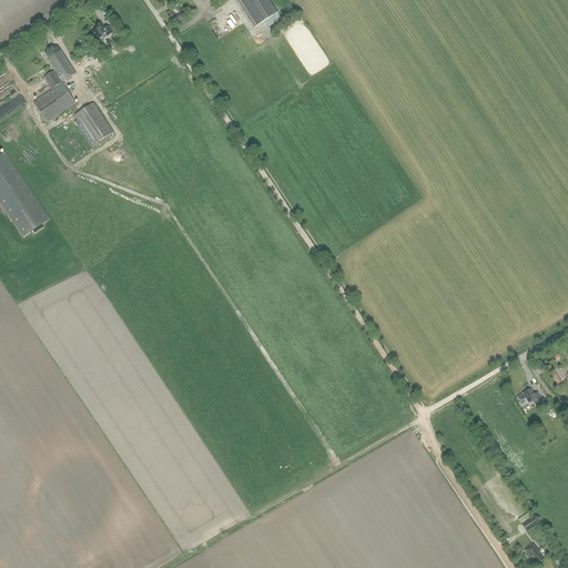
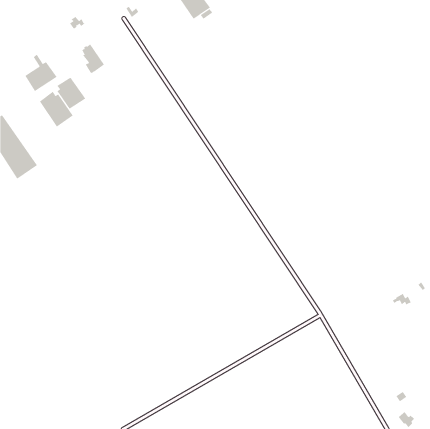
building: [44,43,75,83] -> [81,44,105,74]
building: none -> [39,91,73,128]

